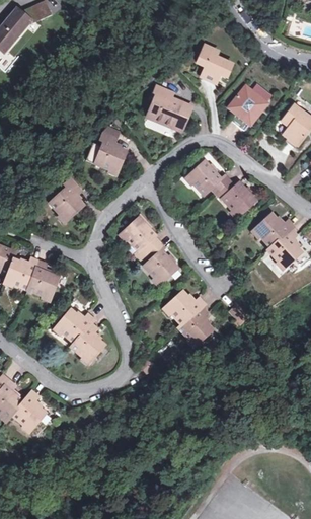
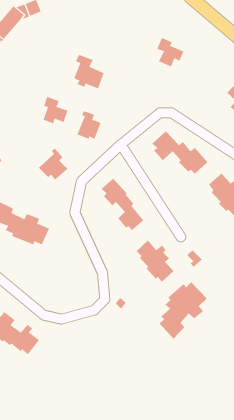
building: [225,76,269,123] -> none
building: [149,83,186,126] -> [74,54,104,89]
building: none -> [43,96,68,124]
building: [58,314,105,365] -> none
building: none -> [158,282,208,339]

